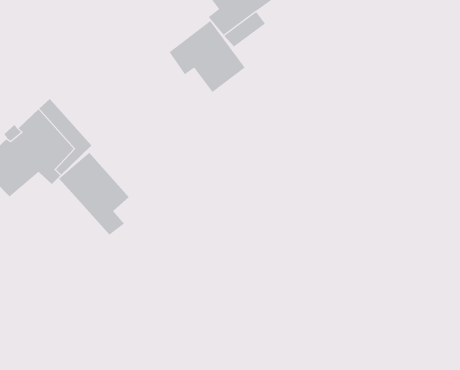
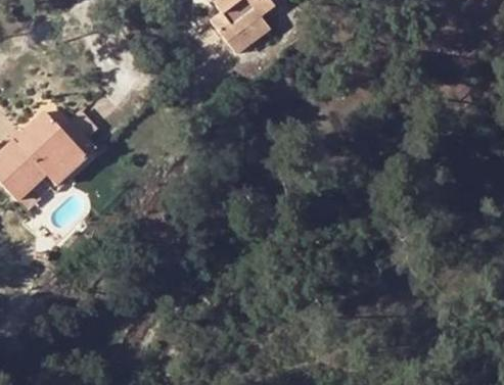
building: [169,20,246,93] -> none
building: [58,152,129,236] -> none

